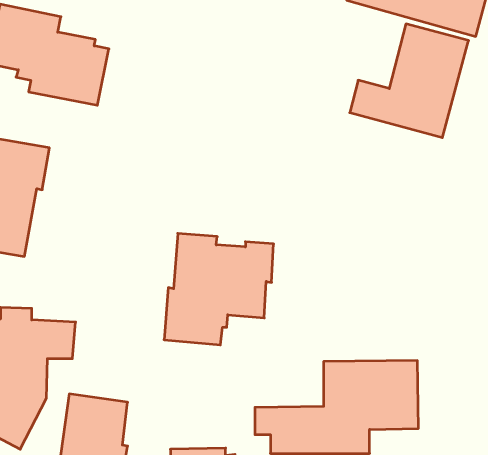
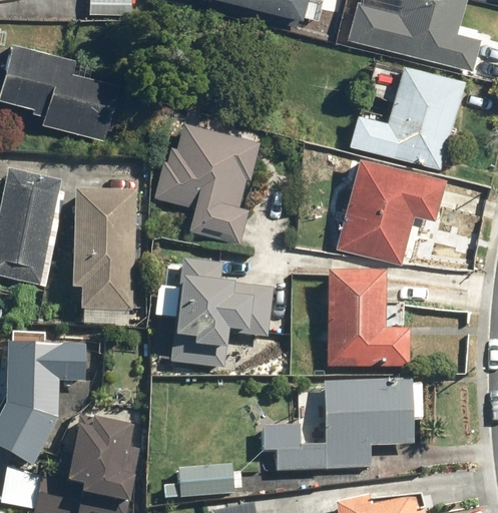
building: none -> [149,122,260,242]
building: none -> [333,150,446,265]
building: none -> [73,188,139,328]
building: none -> [327,271,409,368]

